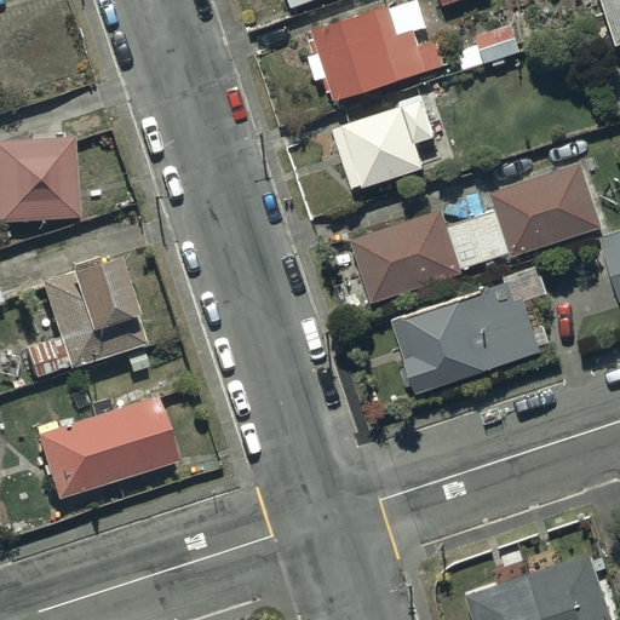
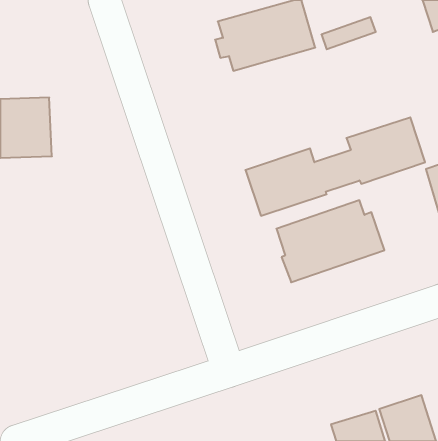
building: [333,85,440,189] -> none
building: [24,258,140,378] -> none
building: [33,396,174,500] -> none

